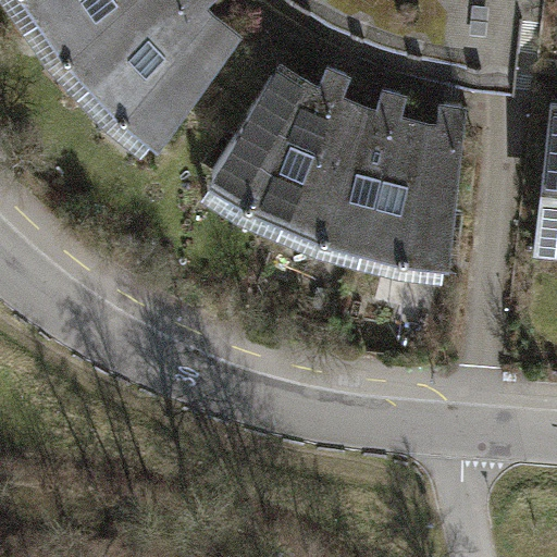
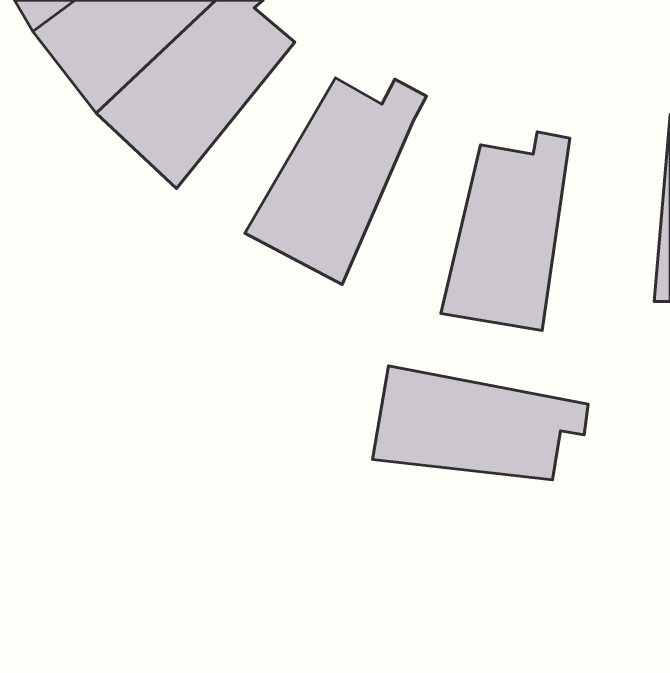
building: [283,92,405,259] -> none
building: none -> [373,366,588,480]

